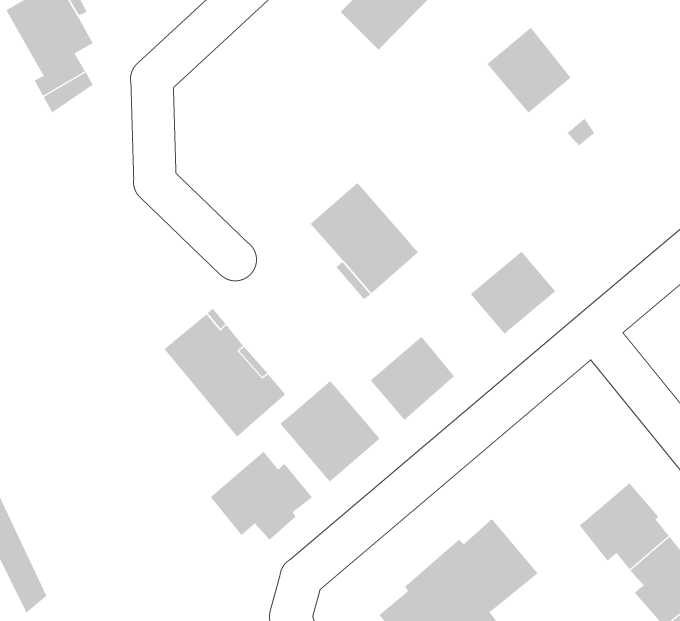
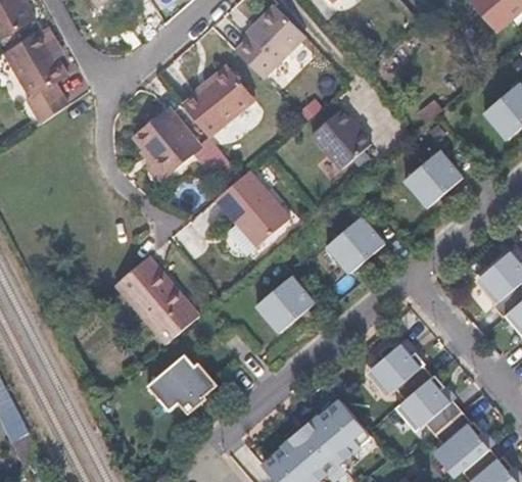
building: [486,27,572,113] -> [311,108,369,167]
building: none -> [182,65,258,139]
building: none -> [132,107,199,179]
building: none -> [404,150,462,207]
building: [279,380,381,482] -> none
building: none -> [370,340,432,400]

